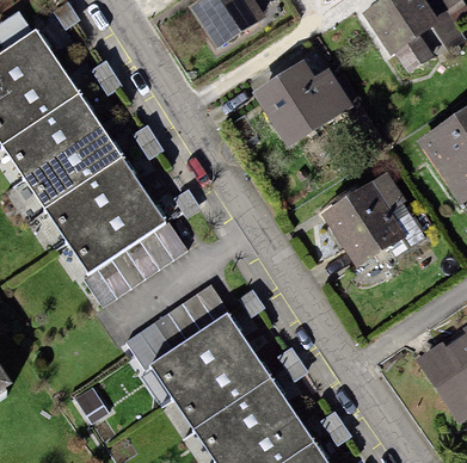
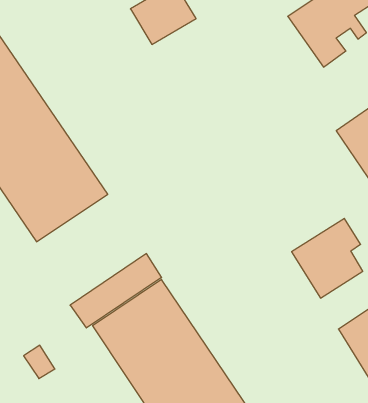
building: [257,69,352,147] -> none
building: [325,183,404,271] -> [292,218,363,298]
building: [82,218,186,304] -> none

